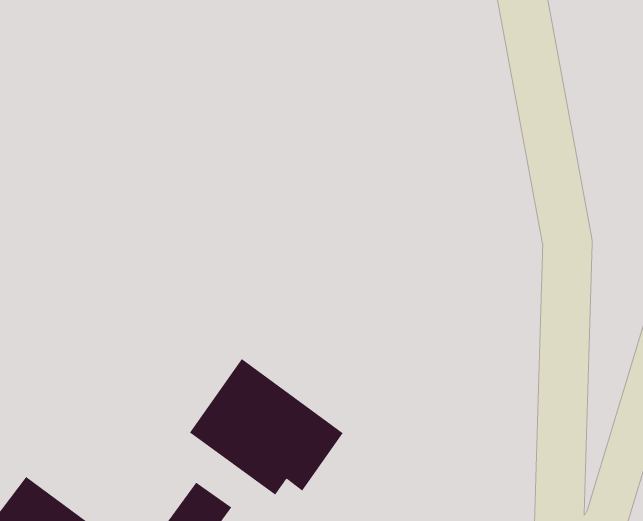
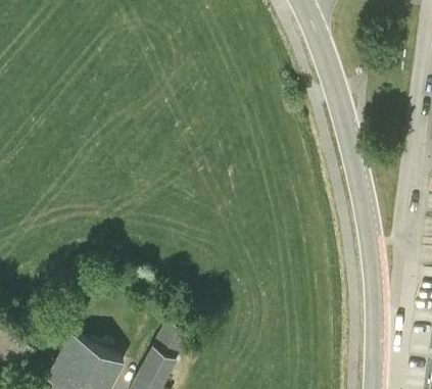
building: [189,358,344,496] -> none

